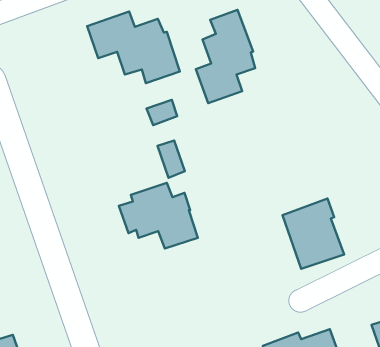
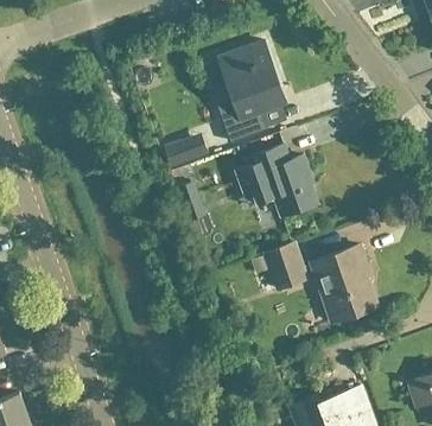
building: [87,12,180,83] -> none
building: [119,183,198,249] -> [233,145,318,216]
building: none -> [265,242,306,288]

